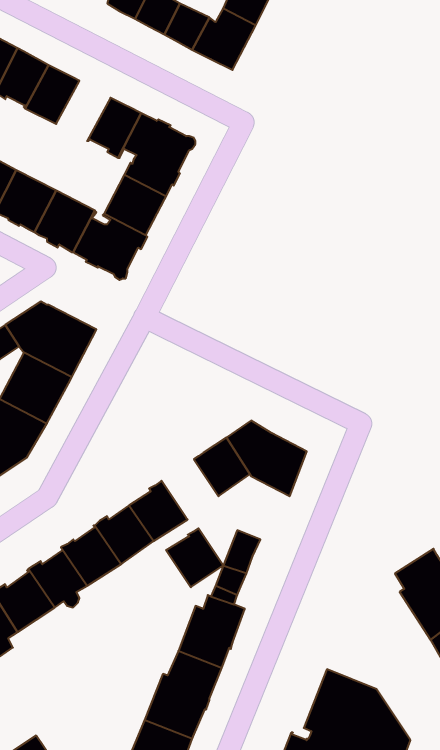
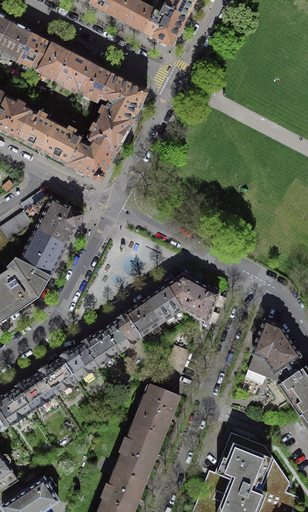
building: none -> [57,53,92,92]
building: none -> [248,320,301,380]
building: [166,528,223,587] -> [125,298,162,336]

